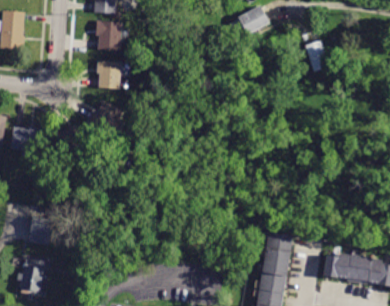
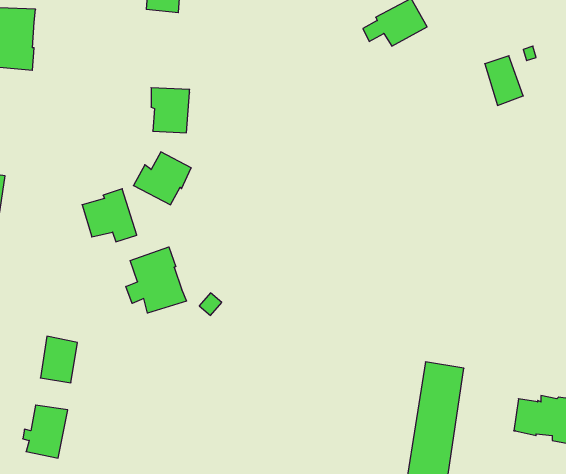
building: [95,21,121,51] -> none
building: [11,127,41,160] -> none
building: none -> [126,247,186,313]

